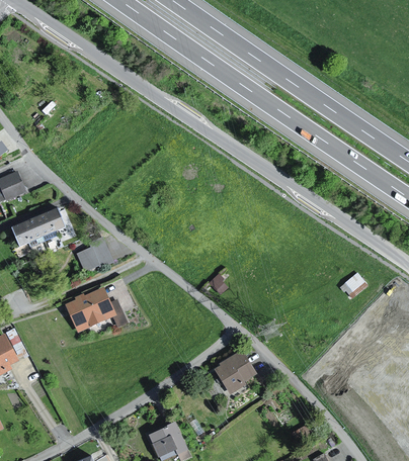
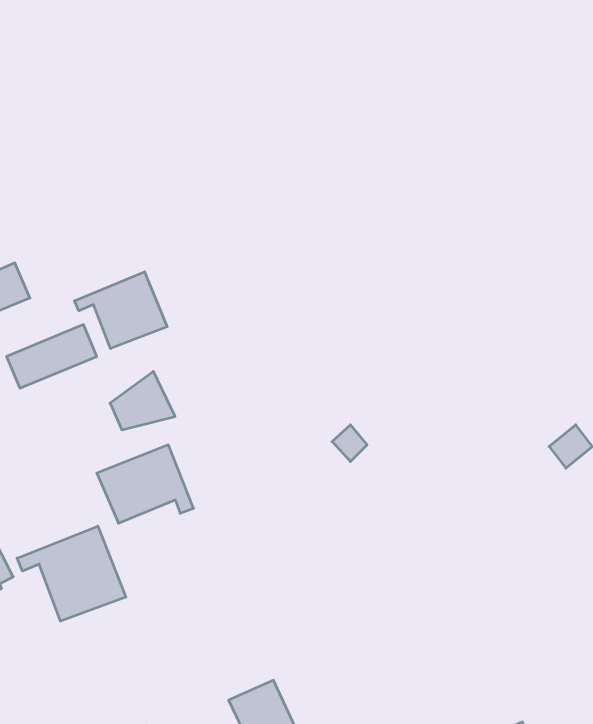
building: none -> [74,272,167,349]
building: none -> [17,526,126,621]
building: [213,352,255,395] -> none

